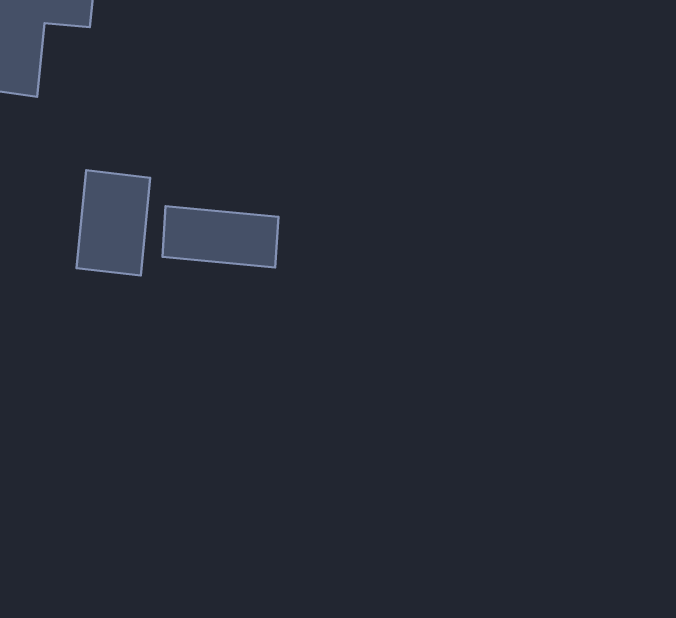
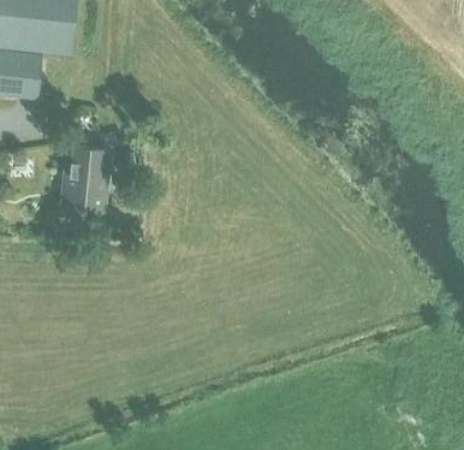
building: [162,206,278,268] -> none

